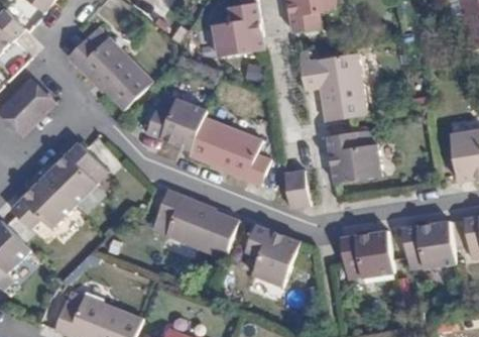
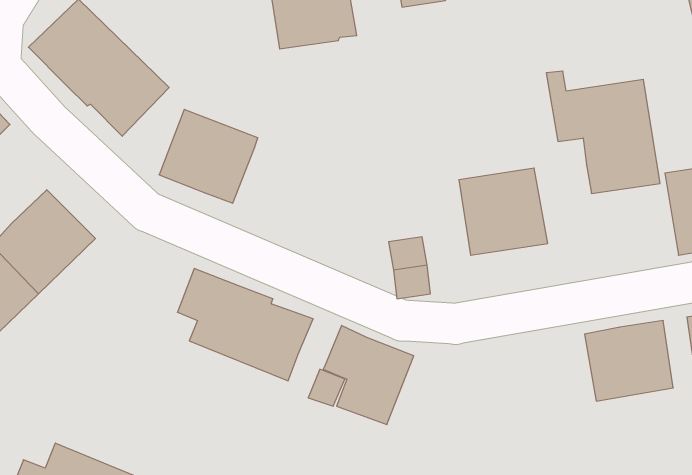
building: [297,47,366,121] -> [546,71,660,193]
building: [189,117,271,186] -> none
building: [340,231,393,279] -> none

